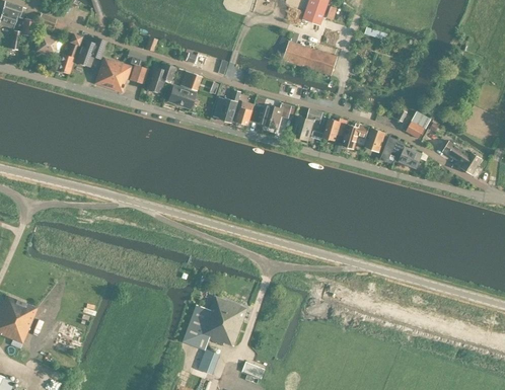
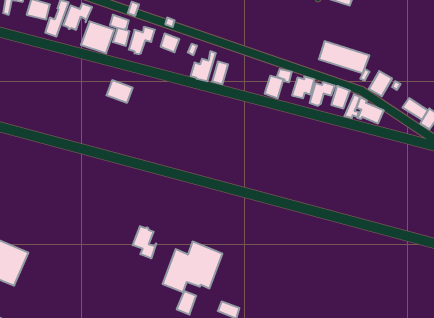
building: [283,42,338,76] -> [319,41,369,73]
building: [167,85,196,109] -> [106,80,133,103]
building: [260,109,290,134] -> none
building: none -> [133,226,156,258]

